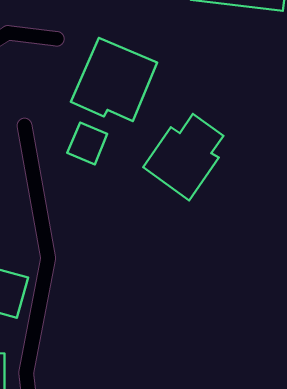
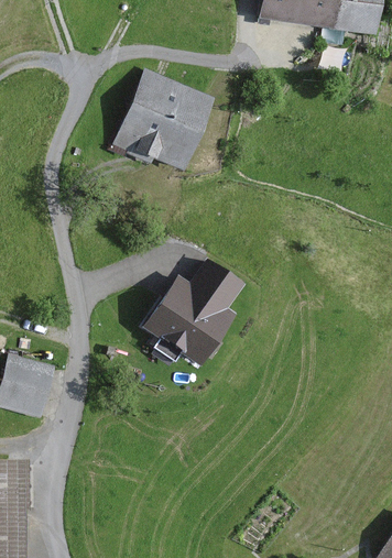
building: [143,114,223,200] -> [142,260,243,369]
building: [67,123,107,164] -> none

